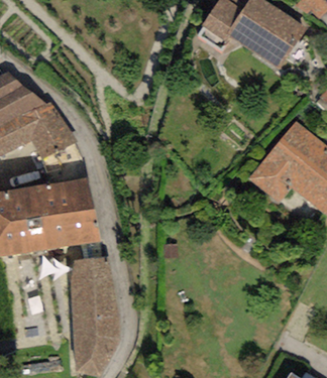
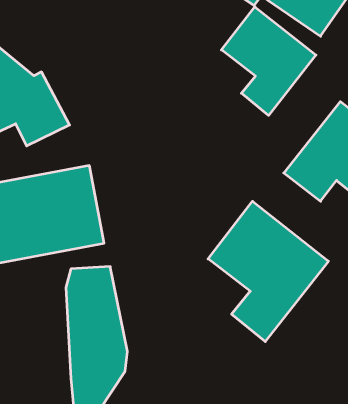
building: none -> [221,7,316,115]
building: none -> [208,201,328,342]

